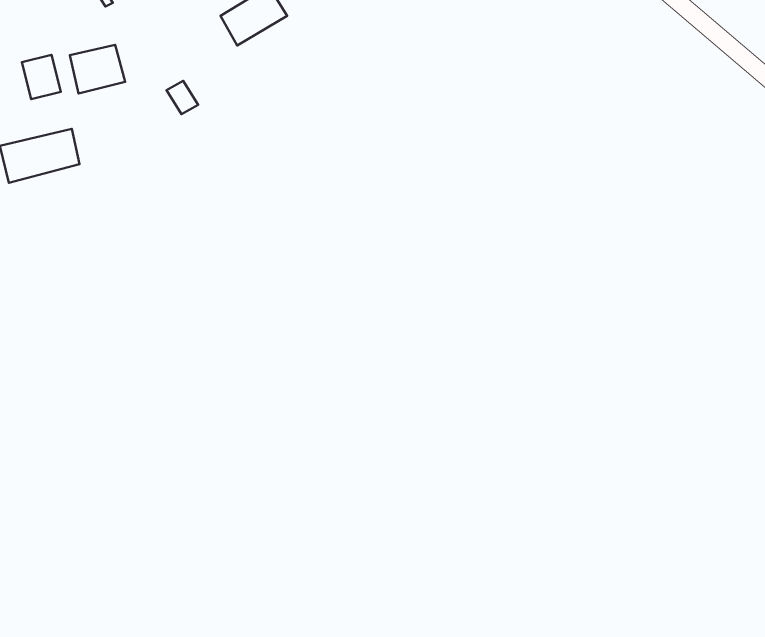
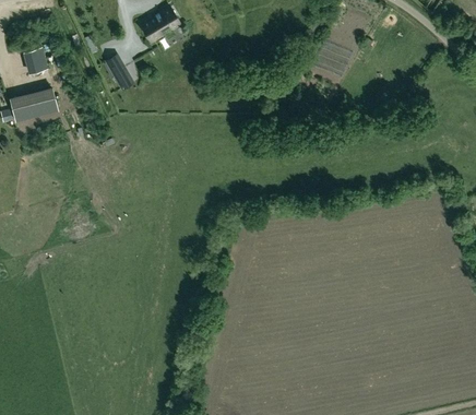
building: [70,45,125,93] -> none

